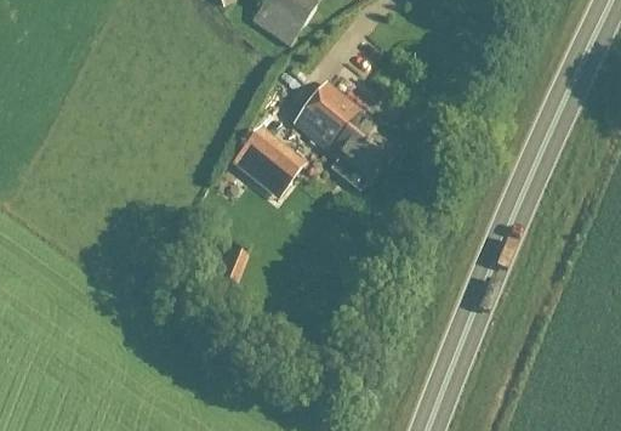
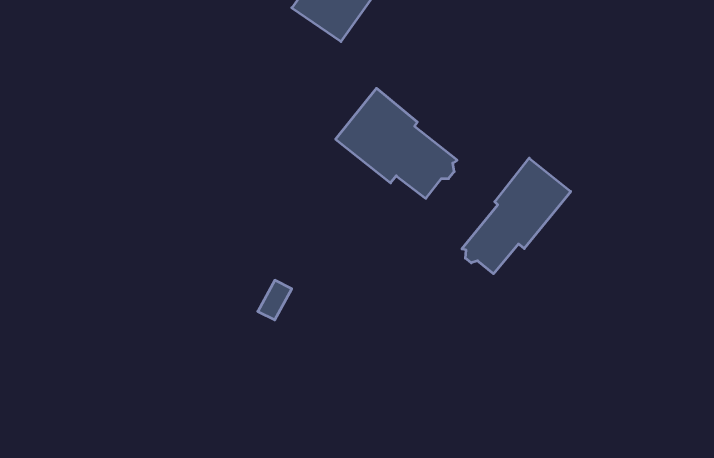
building: [232,127,303,195] -> none
building: none -> [462,158,571,274]

